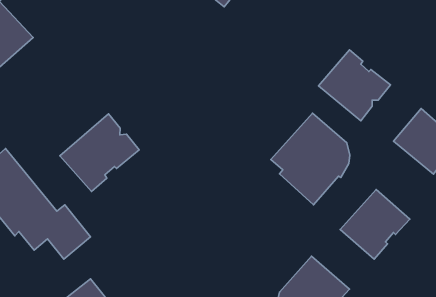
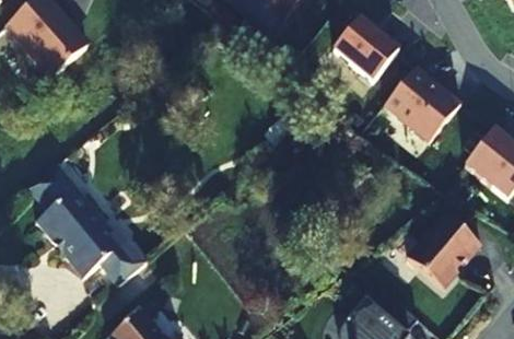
building: none -> [336,17,400,81]
building: [271,113,350,205] -> none
building: [60,114,139,192] -> none

